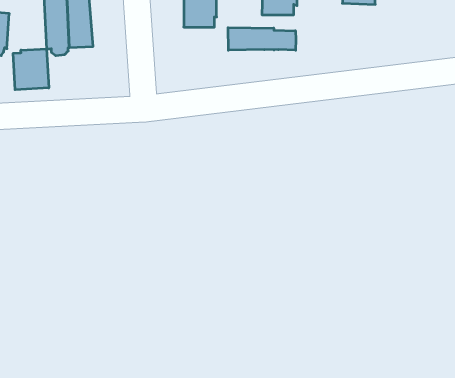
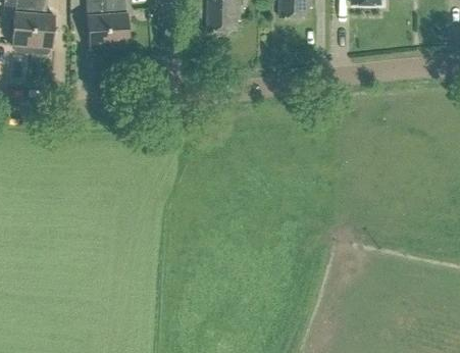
building: [228,28,296,50] -> none
building: [13,49,49,90] -> none

